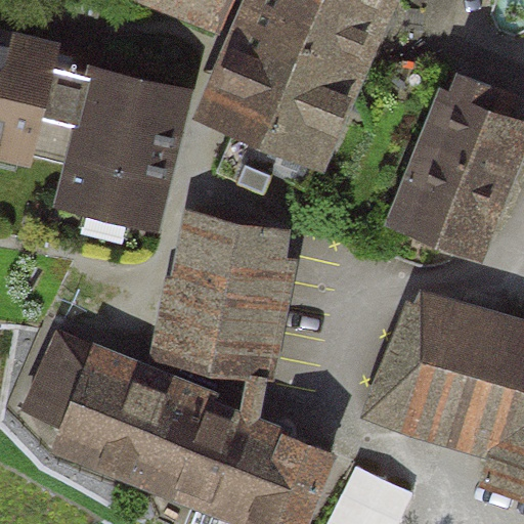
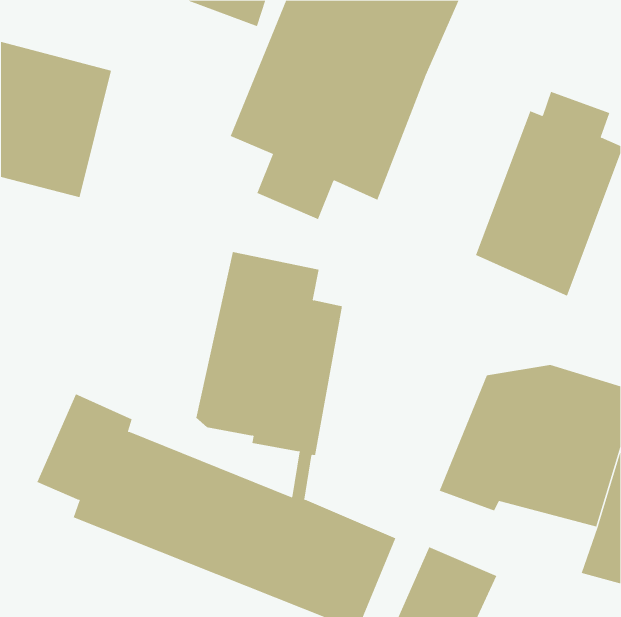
building: [59,62,186,235] -> none

